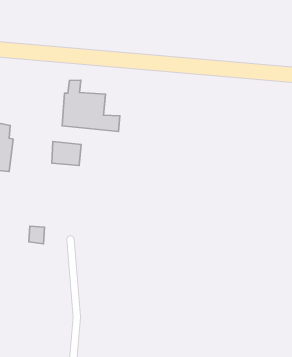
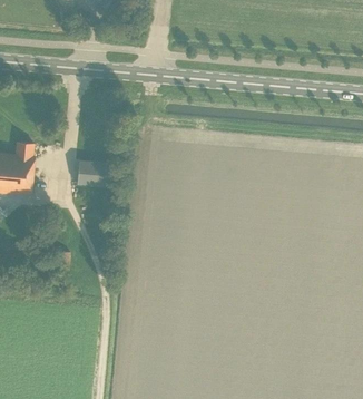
building: [62,80,120,132] -> none

